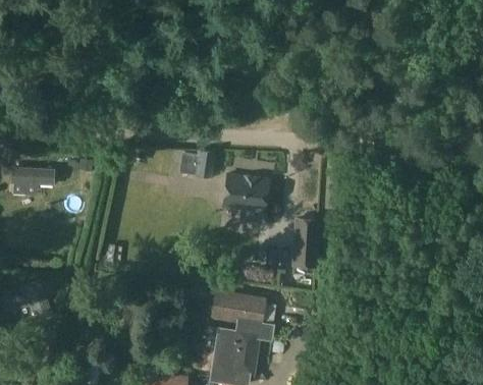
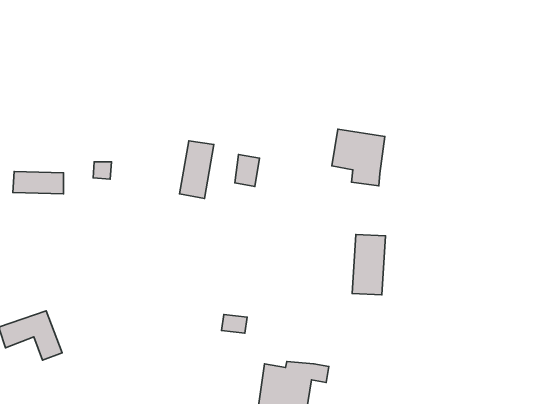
building: none -> [180,141,214,199]
building: [223,177,267,224] -> [332,129,385,186]
building: [211,286,264,326] -> none

